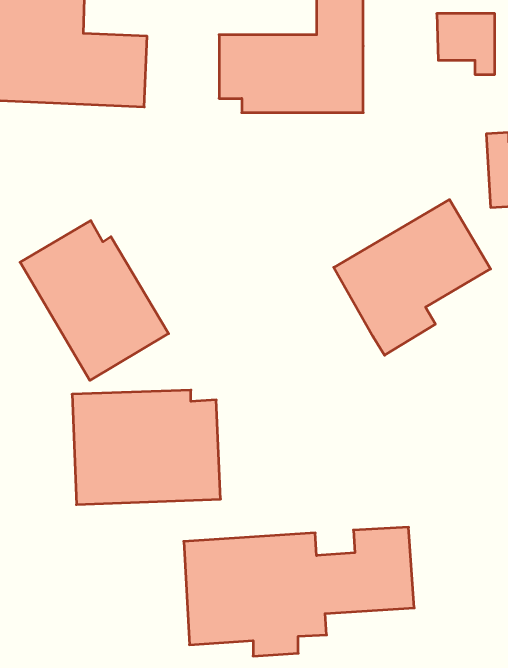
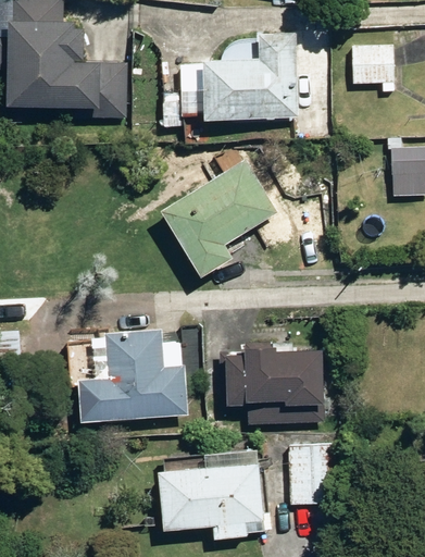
building: [334,200,491,355] -> [157,161,277,281]
building: [20,221,169,380] -> none
building: none -> [223,341,321,404]

